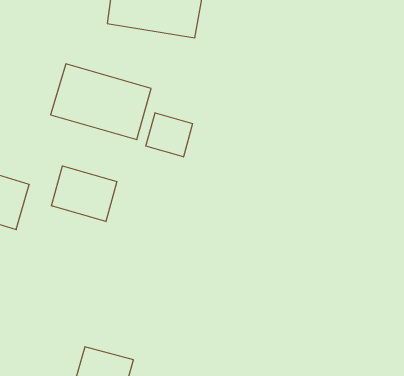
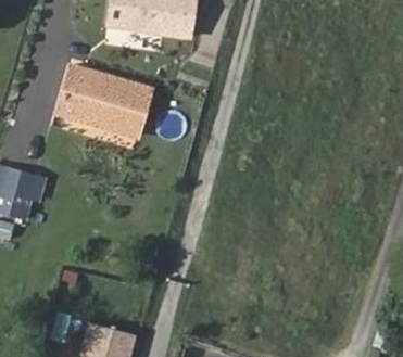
building: [146,113,193,157] -> none
building: [52,166,117,222] -> none

